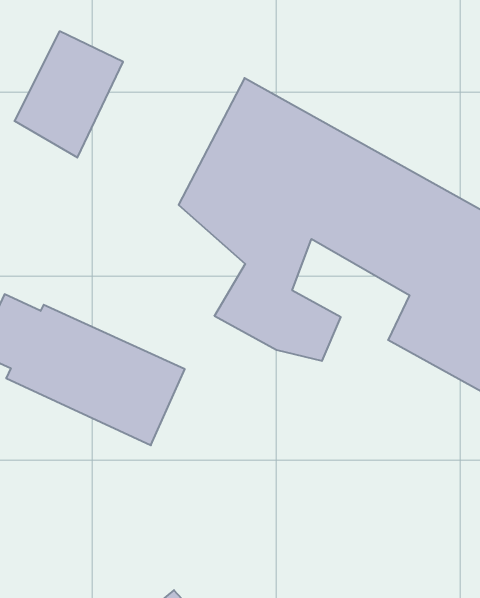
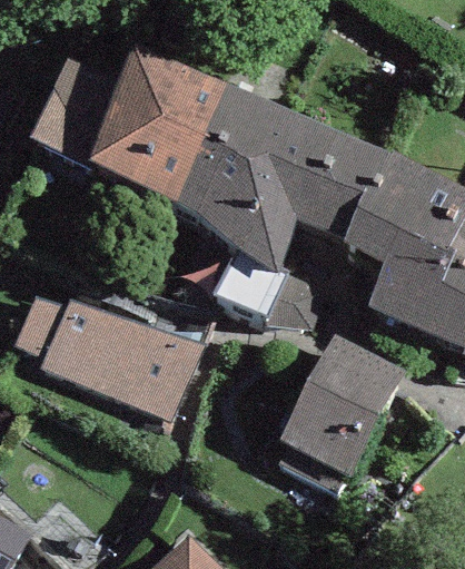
building: none -> [89,51,228,202]
building: none -> [280,332,404,473]

